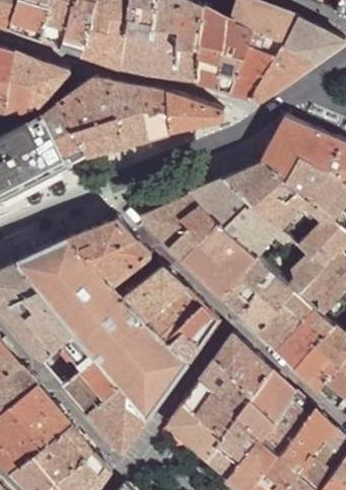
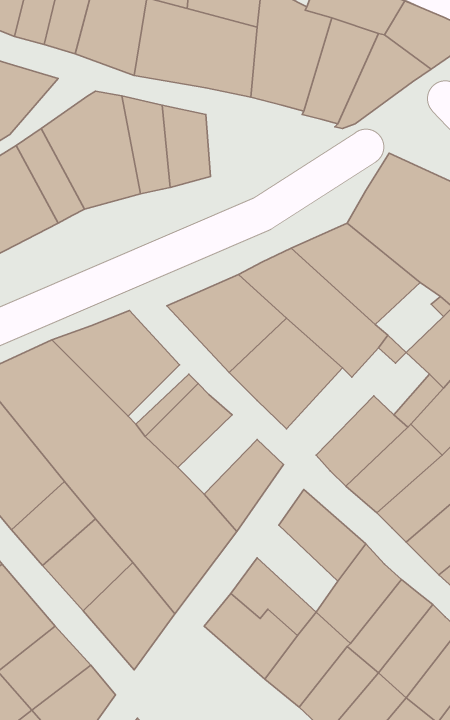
building: [168,93,225,133] -> none
building: [221,258,277,314] -> none
building: [150,288,202,339] -> none
building: [202,360,254,416] -> none

